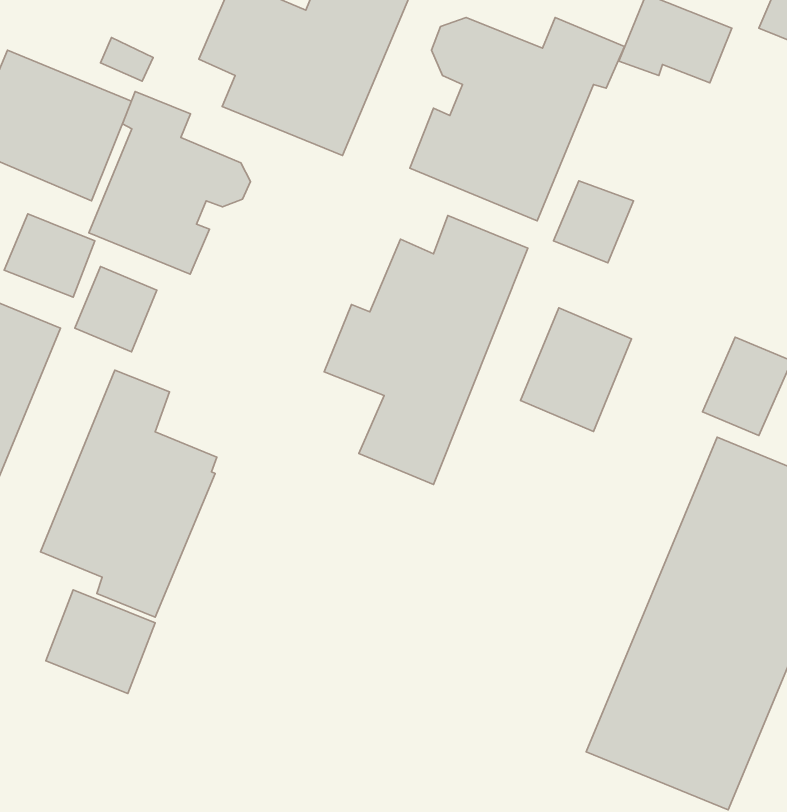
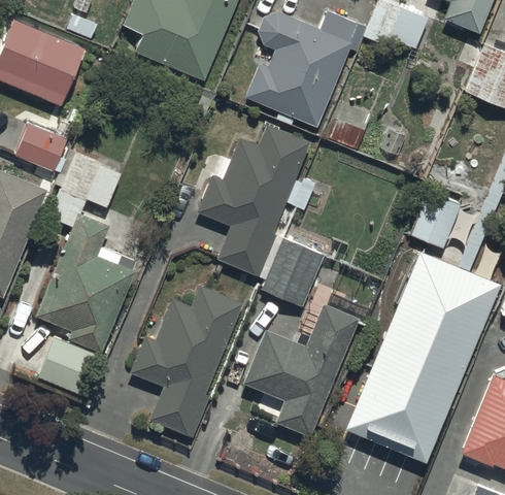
building: [89,92,250,274] -> none
building: [521,308,632,431] -> [262,237,325,307]
building: none -> [130,285,244,437]
building: none -> [242,302,359,435]

